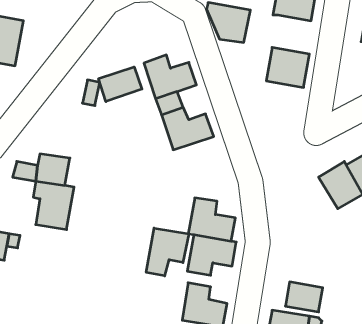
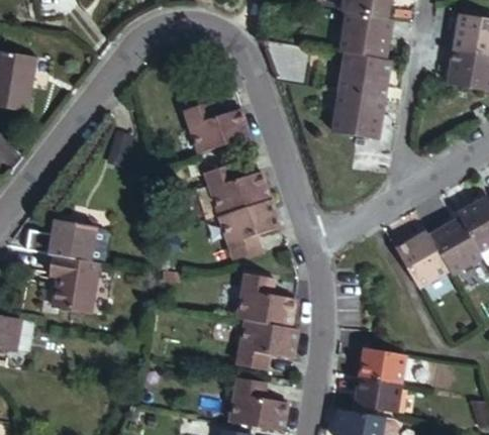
building: none -> [338,52,391,100]
building: [99,67,142,102] -> none
building: none -> [218,200,277,259]
building: [146,228,189,276] -> none
building: none -> [360,348,405,384]

